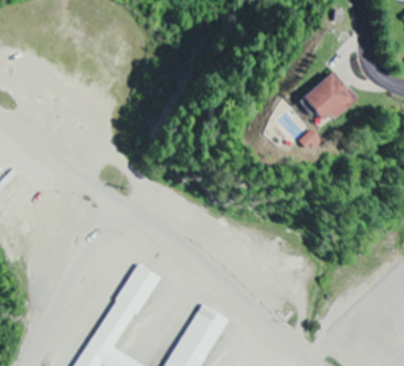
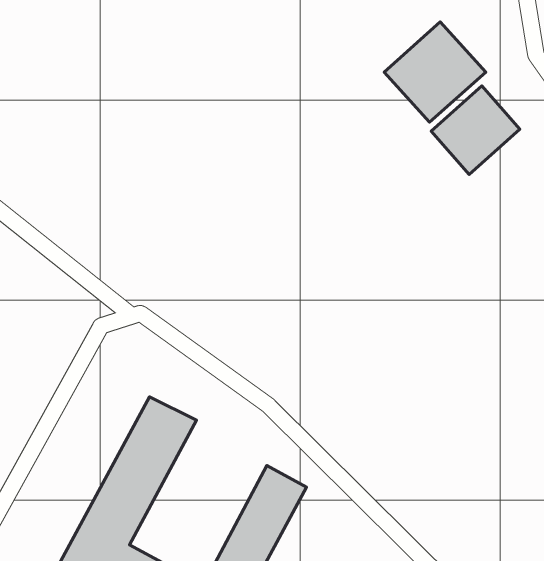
building: none -> [384,22,486,122]

